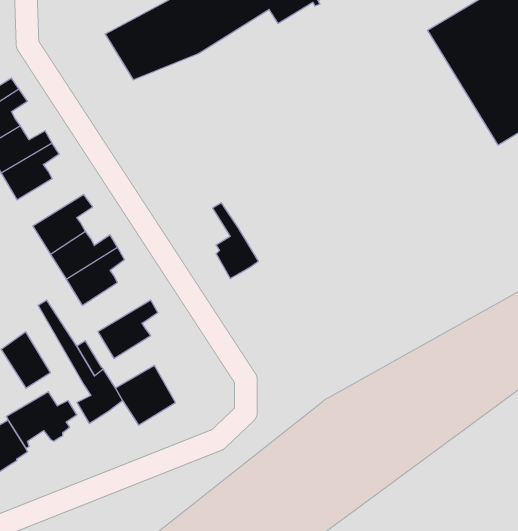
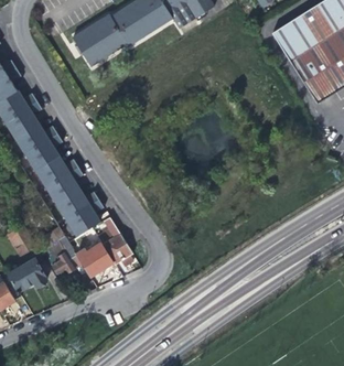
building: none -> [14,125,56,154]
building: [213,203,258,279] -> [103,217,131,265]
building: none -> [55,190,98,220]

